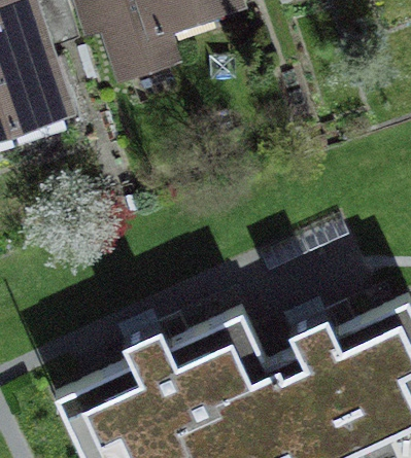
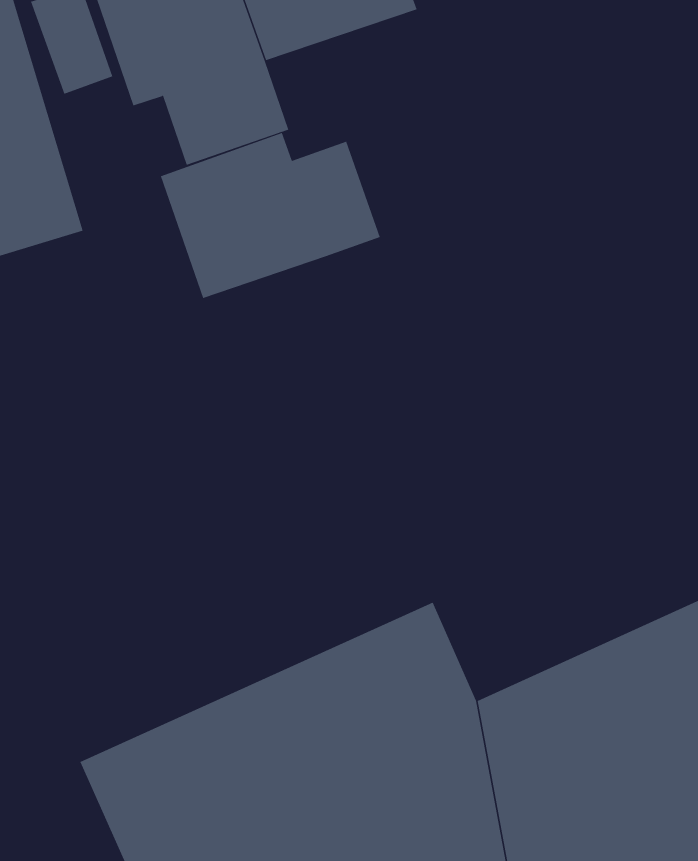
building: none -> [160,132,380,299]

